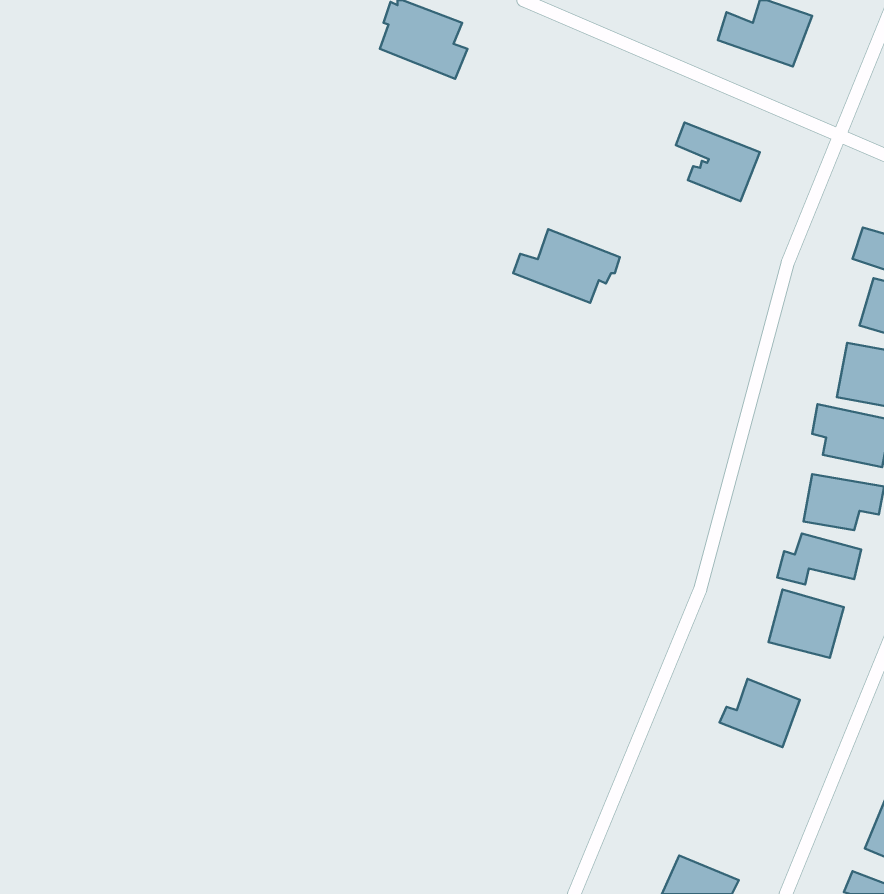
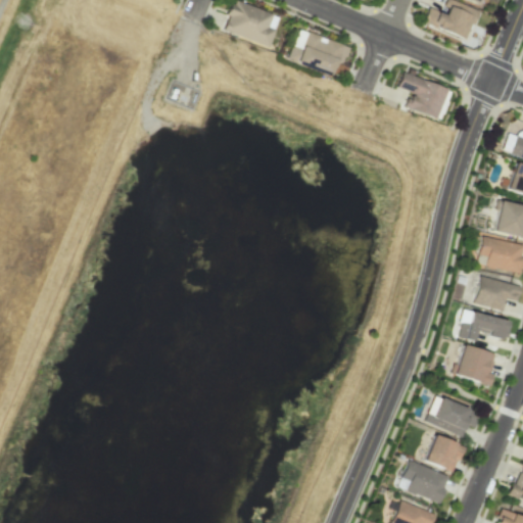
building: [513,229,620,303] -> [291,31,353,74]
building: none -> [425,434,466,473]
building: none -> [403,460,451,504]

